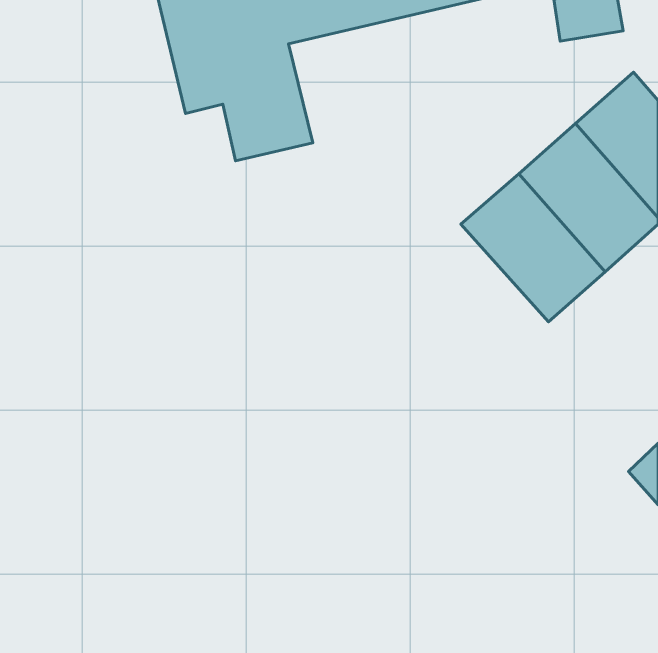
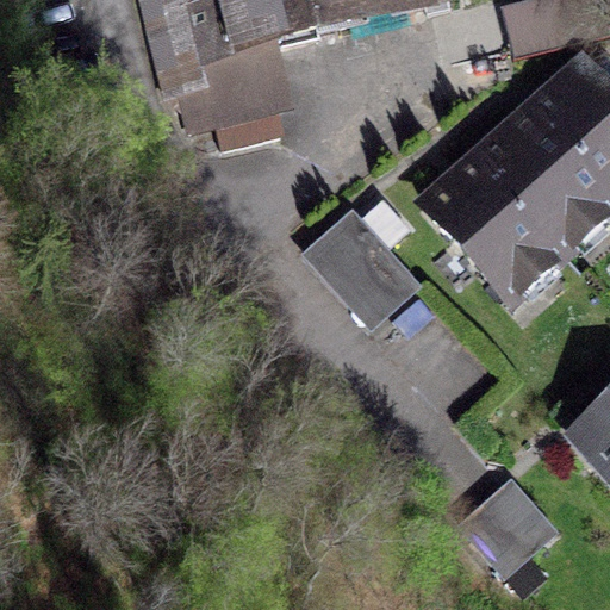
building: none -> [306,213,417,328]
building: none -> [462,483,554,575]

